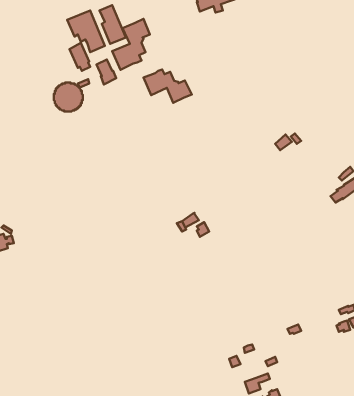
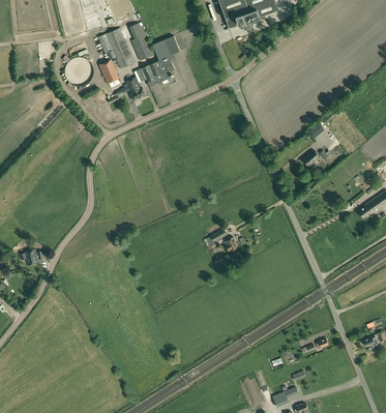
building: [143,69,192,103] -> none
building: [54,82,83,112] -> [65,57,94,86]

